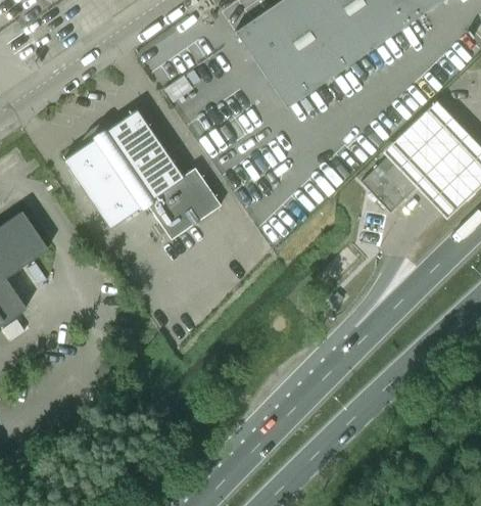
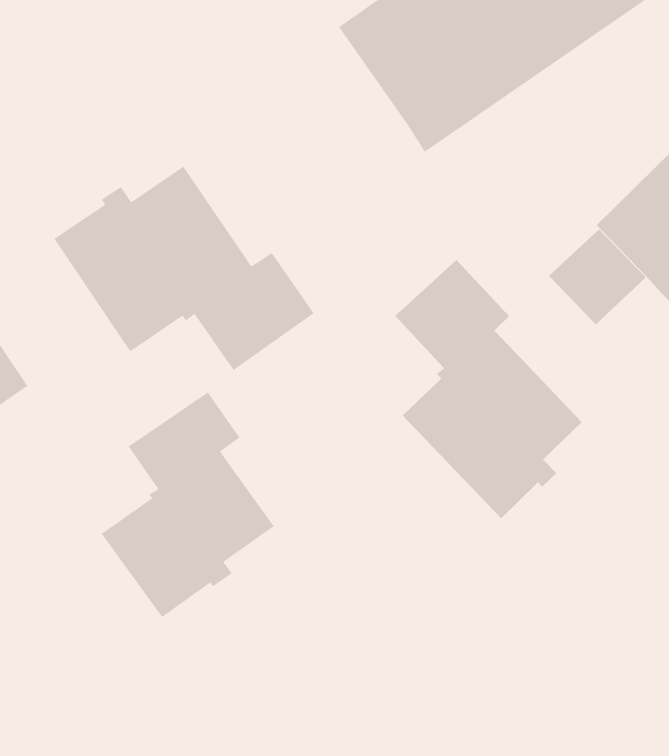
building: none -> [394,259,582,519]
building: none -> [101,391,274,618]

